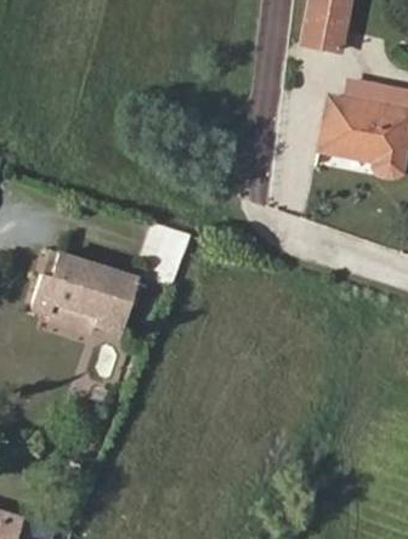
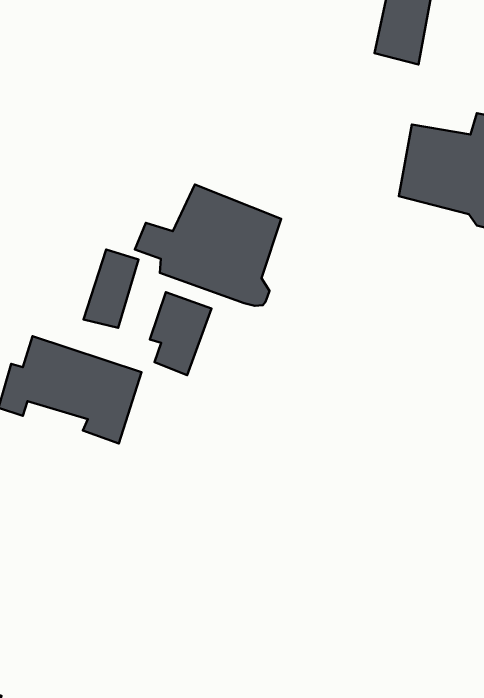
building: none -> [135,185,281,306]
building: none -> [83,249,139,328]

